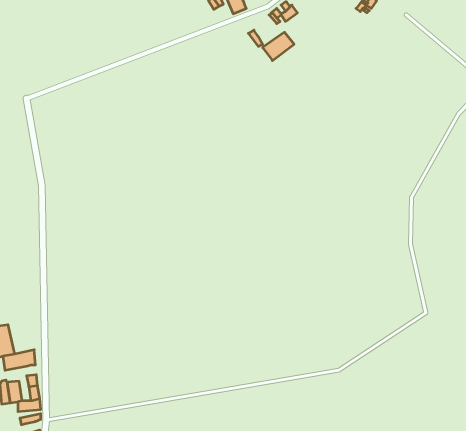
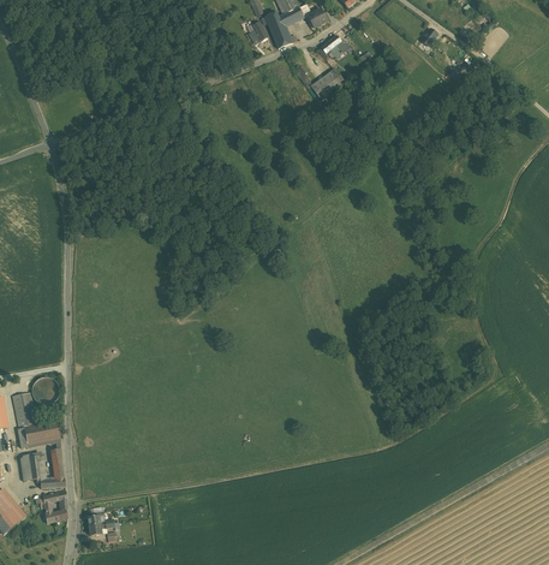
building: none -> [31,376,58,404]

